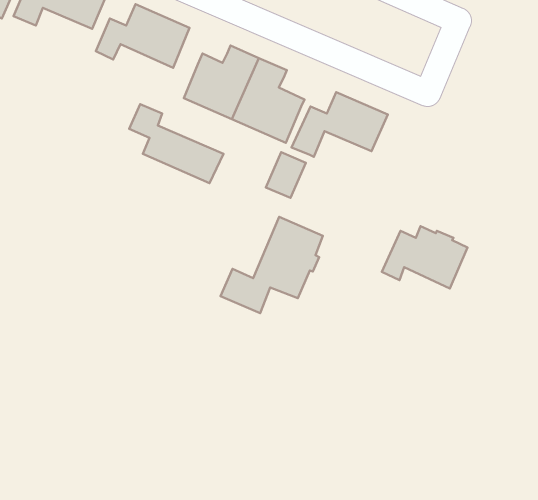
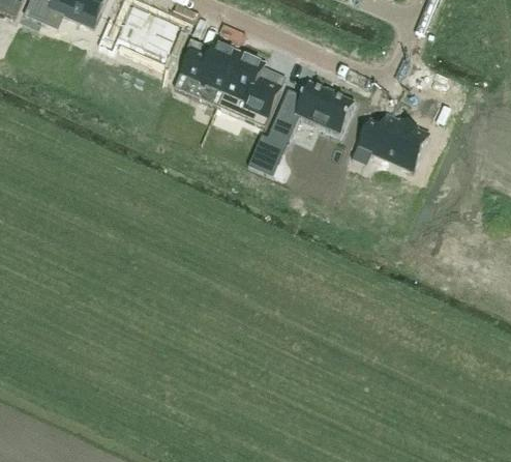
building: [129,104,223,183] -> none
building: [221,217,323,313] -> none
building: [382,226,467,288] -> [352,115,427,170]

